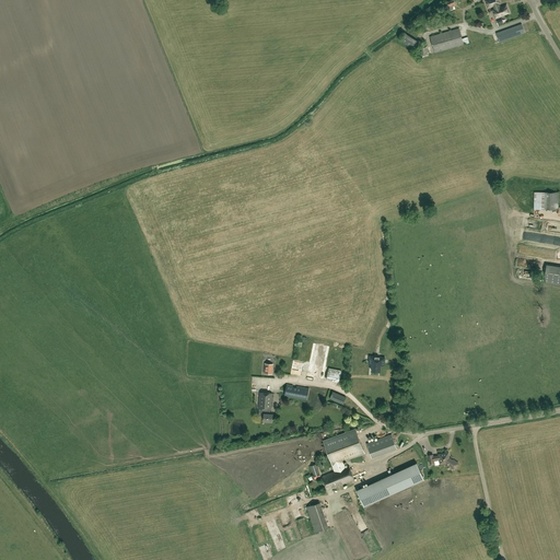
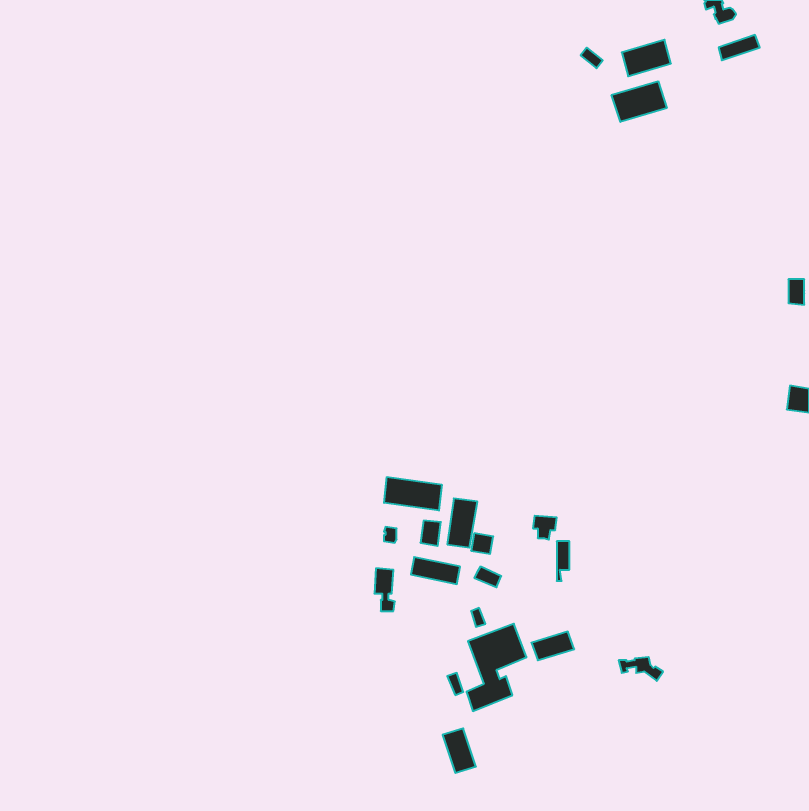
building: none -> [612,81,667,122]
building: none -> [384,477,442,511]
building: [355,462,423,506] -> none

